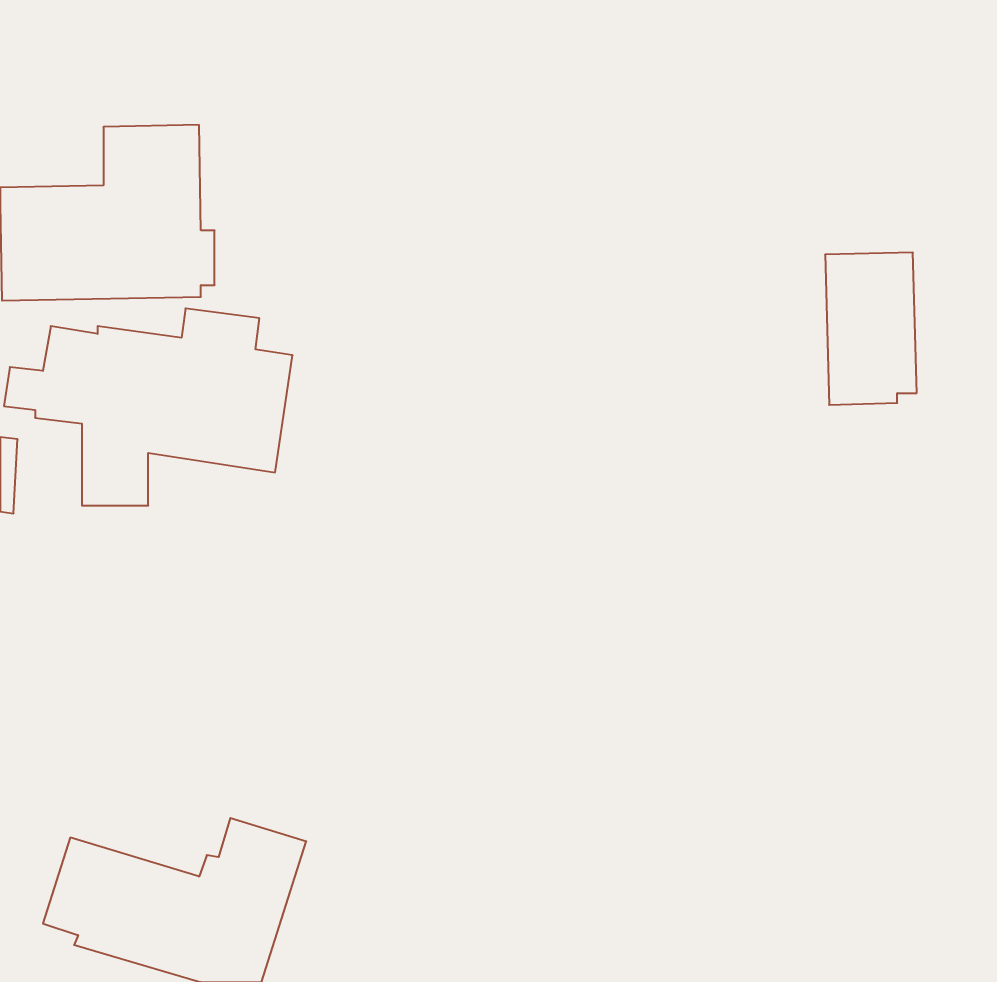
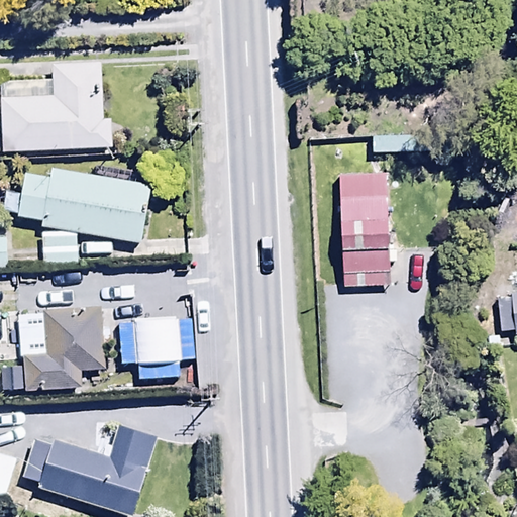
building: [825,253,917,405] -> [340,197,388,276]
building: none -> [22,304,102,392]

